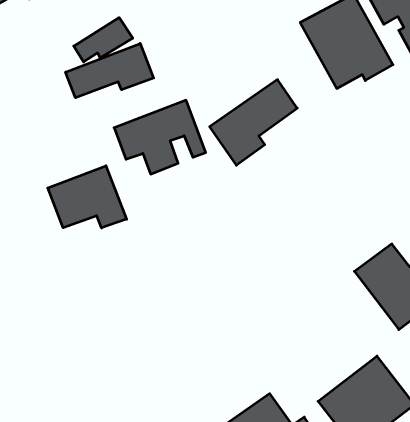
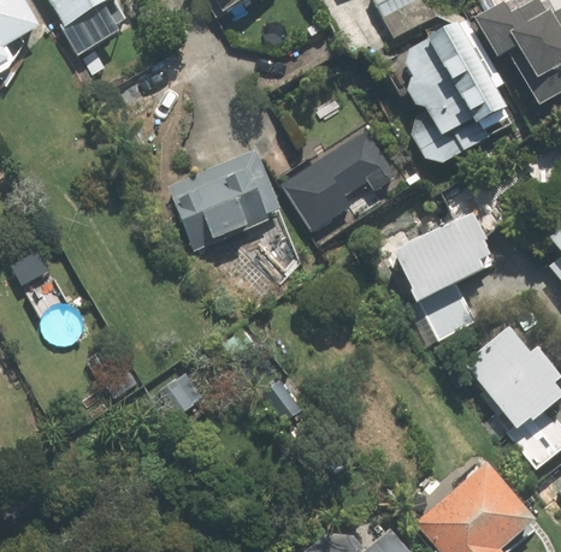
building: [66,43,154,98] -> none
building: none -> [390,213,494,339]
building: [48,166,127,228] -> none

